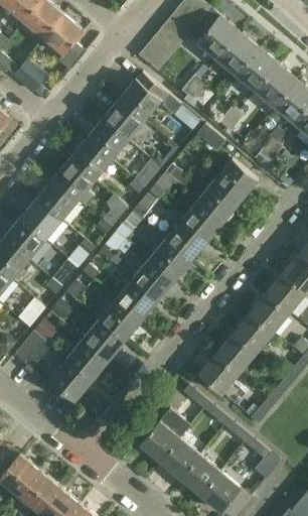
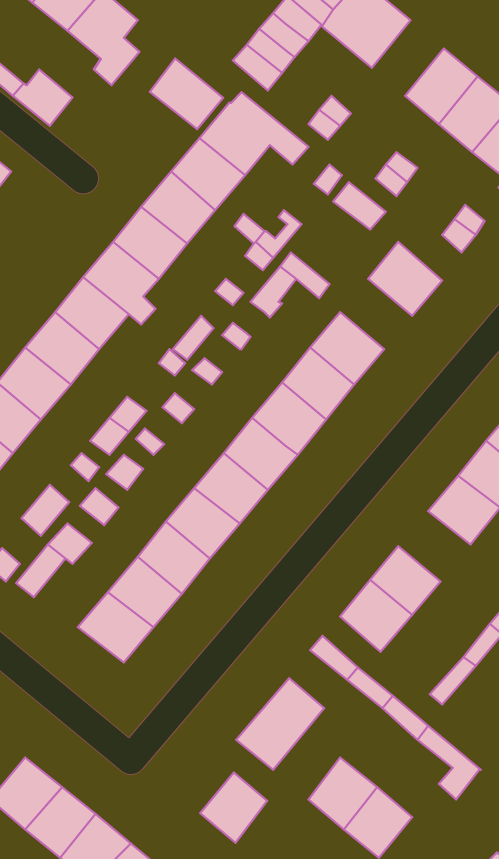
building: [217,32,259,76] -> none
building: none -> [150,59,223,129]
building: [199,180,241,221] -> none
building: [233,313,274,354] -> none
building: [161,438,199,479] -> [200,773,267,843]

